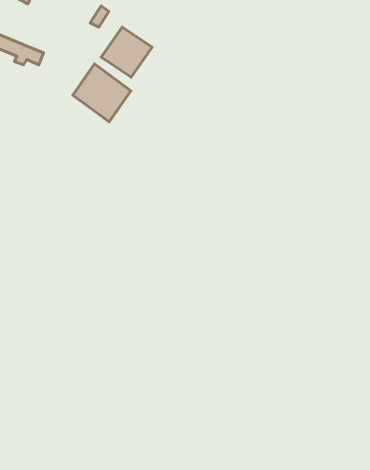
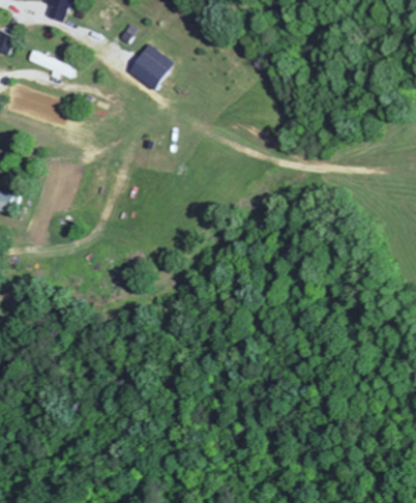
building: [73,64,131,122] -> none

